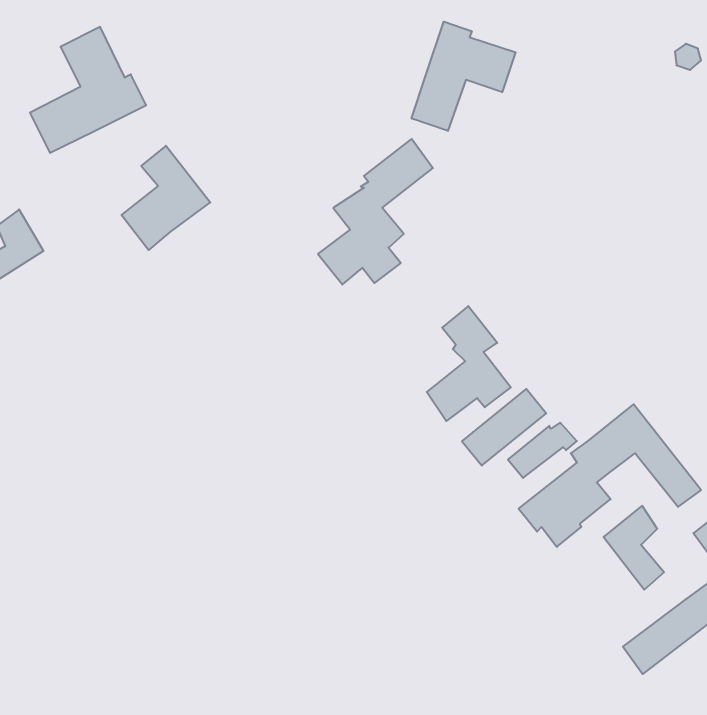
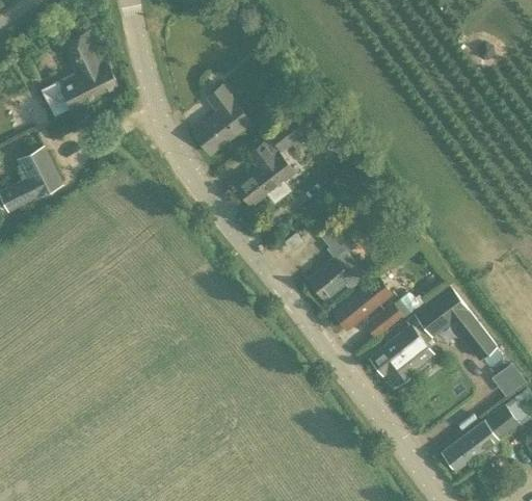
building: [412,22,516,131] -> none
building: [121,146,210,250] -> [193,85,254,156]
building: [604,506,664,590] -> none

